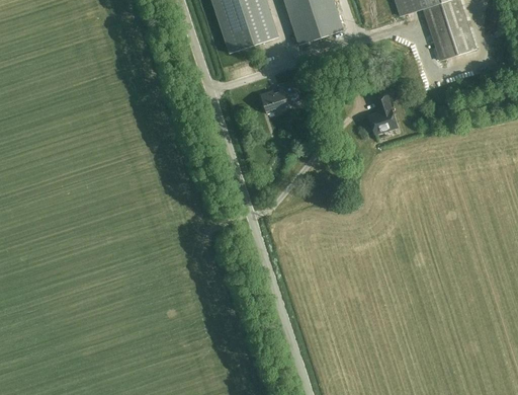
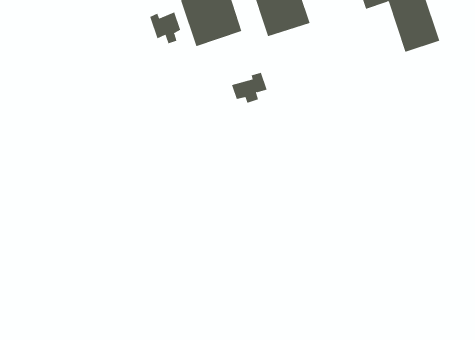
building: none -> [150,11,181,44]
building: [368,94,397,132] -> none

